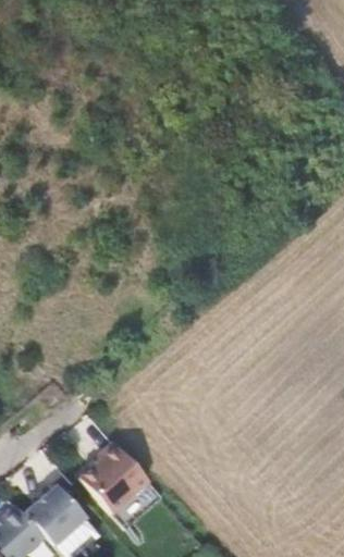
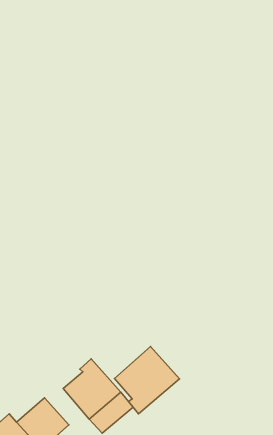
building: none -> [114,346,180,414]

